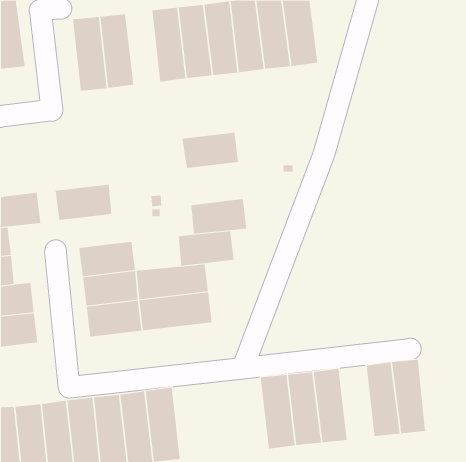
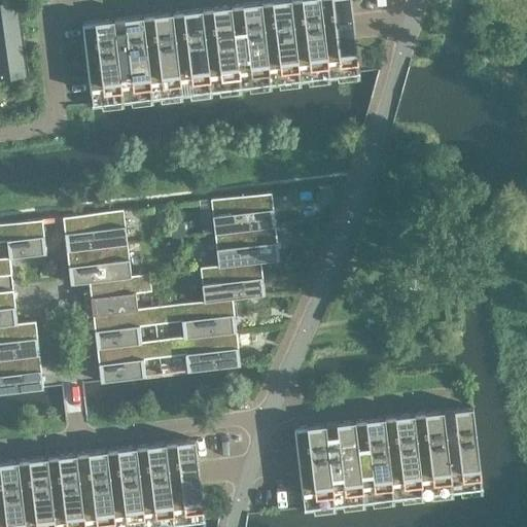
building: none -> [142,15,180,100]
building: [182,132,239,169] -> [210,195,275,236]
building: none -> [66,246,131,287]
building: none -> [383,417,422,501]

